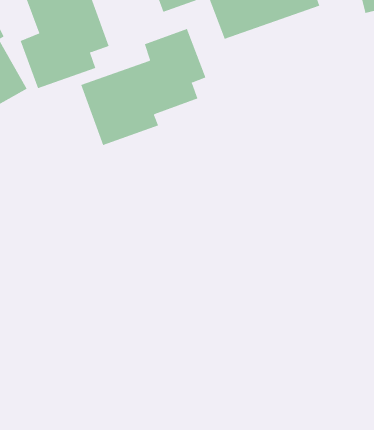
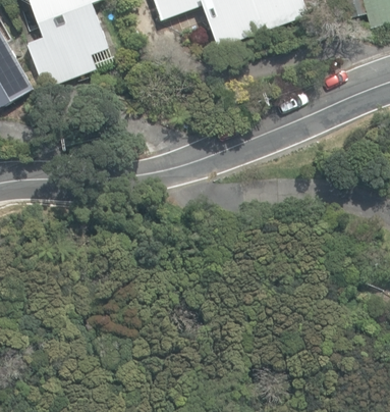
building: [81,28,206,146] -> none

